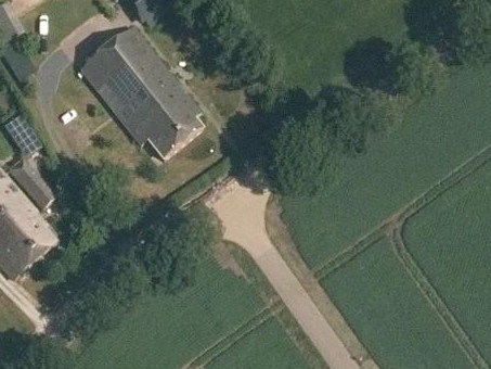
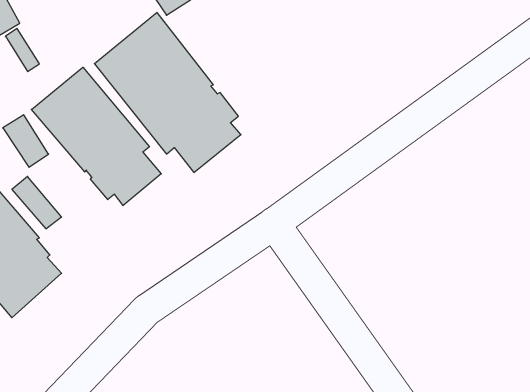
building: none -> [31,67,161,206]

